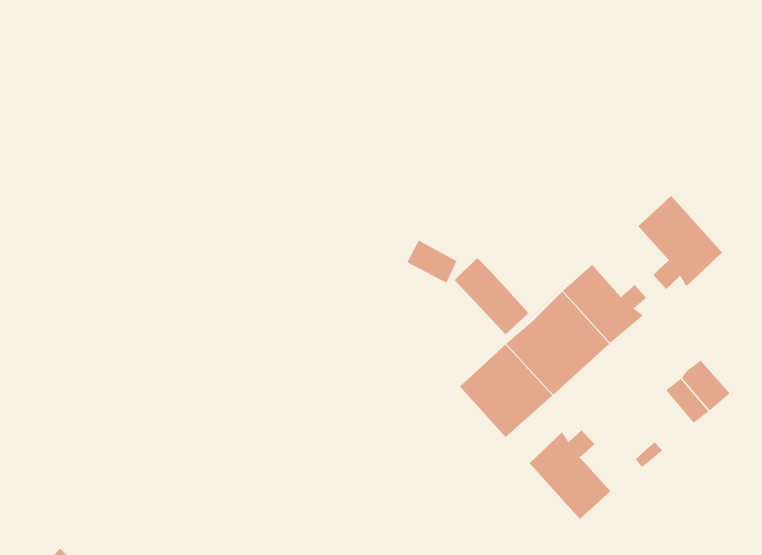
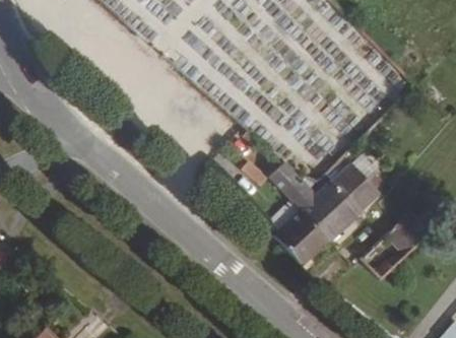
building: [637,195,723,290] -> none
building: [529,429,611,520] -> none

